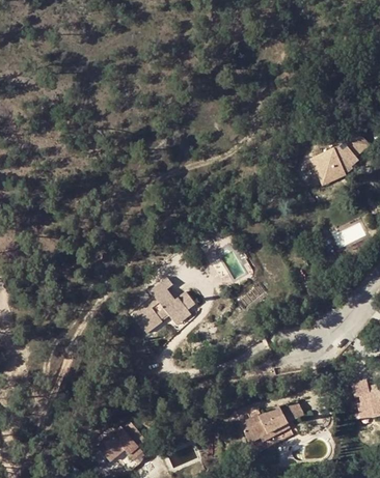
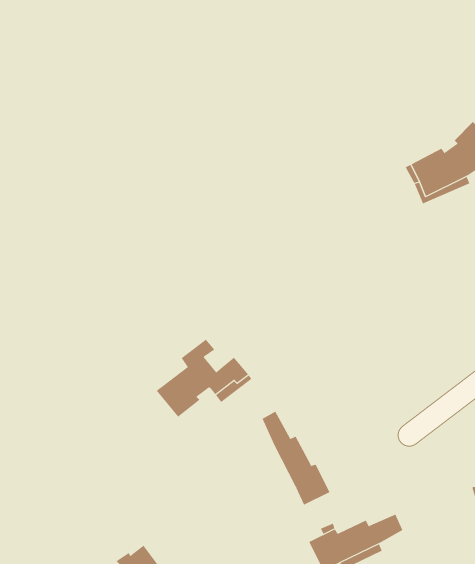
building: none -> [262,411,330,505]

